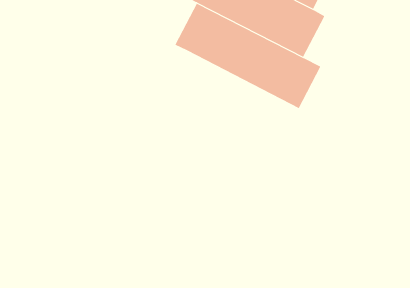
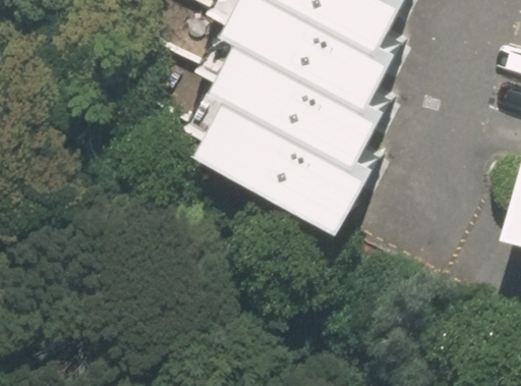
building: none -> [205,85,378,210]

